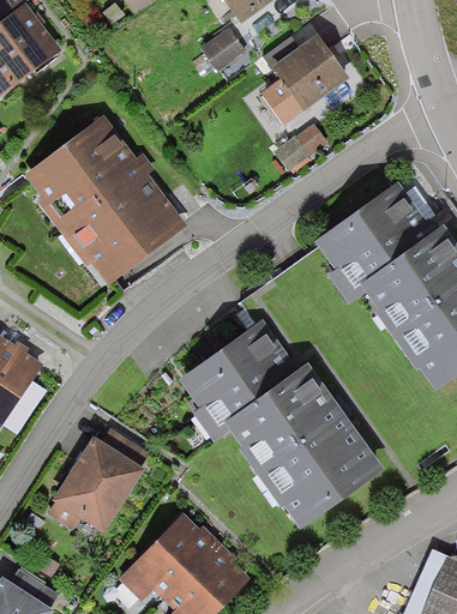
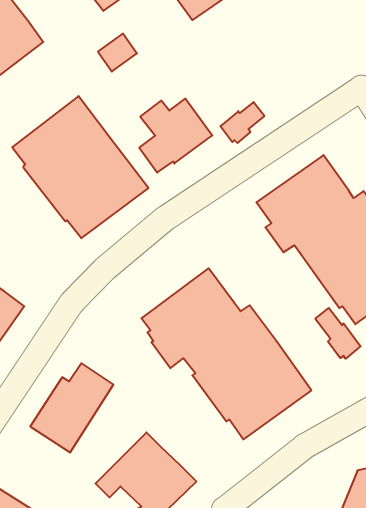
building: [199,26,246,72] -> [98,34,137,72]
building: [263,34,350,122] -> [139,99,212,173]
building: none -> [315,308,361,359]

